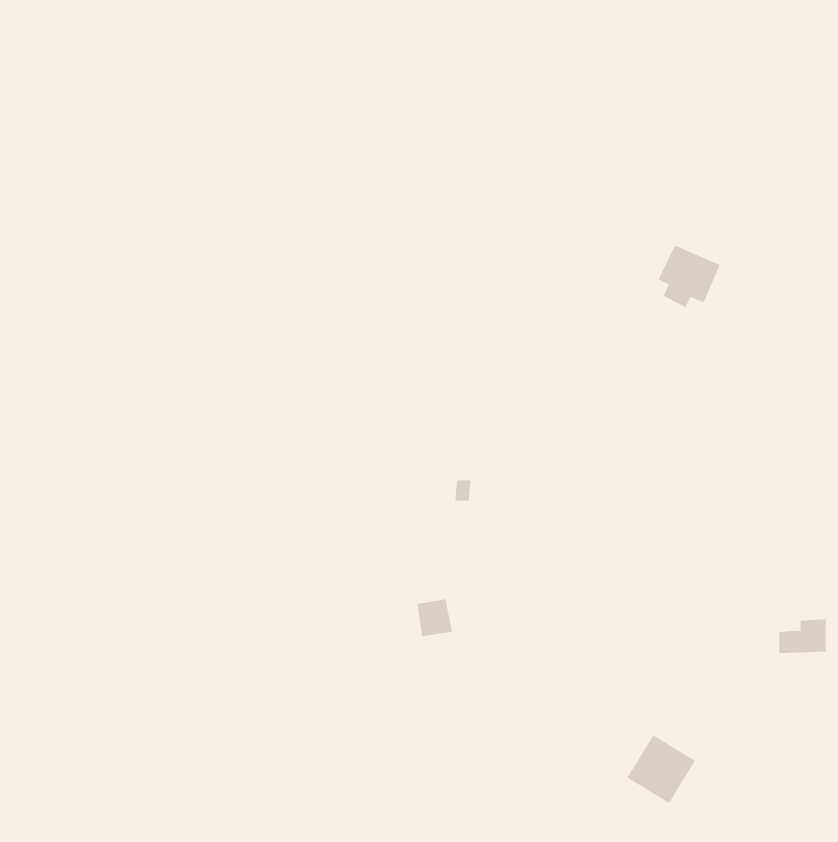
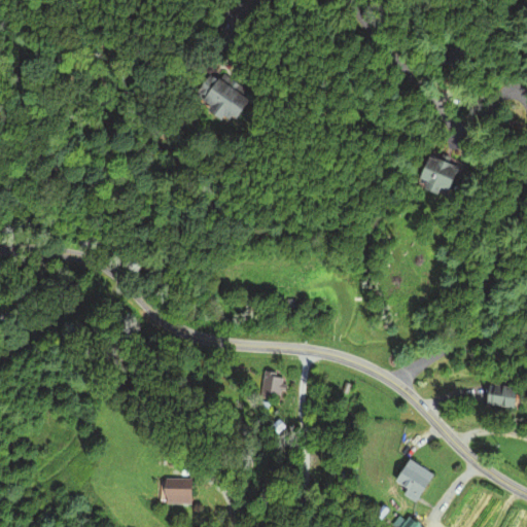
building: none -> [188,70,240,119]
building: none -> [165,487,192,502]

